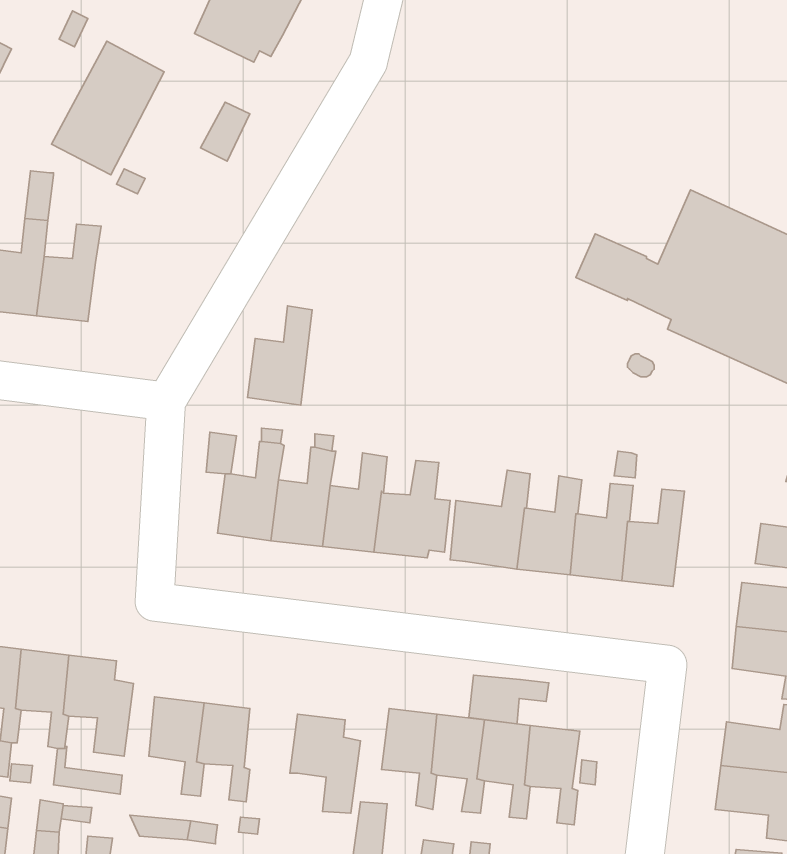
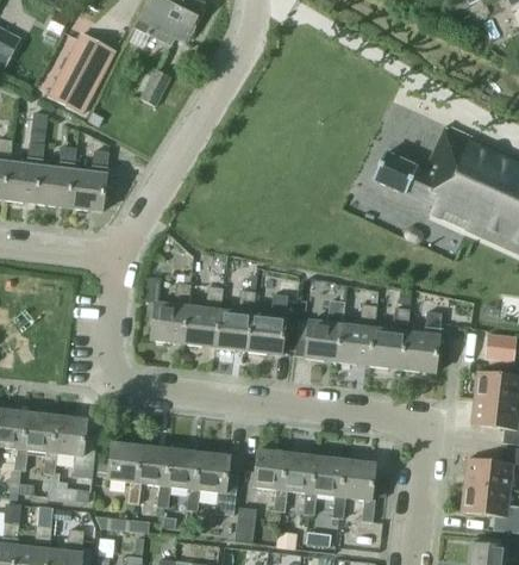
building: [247,306,312,405] -> [68,149,108,211]
building: [469,675,549,724] -> none
building: none -> [165,448,199,510]

